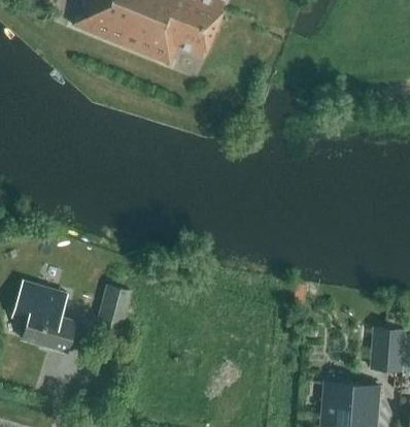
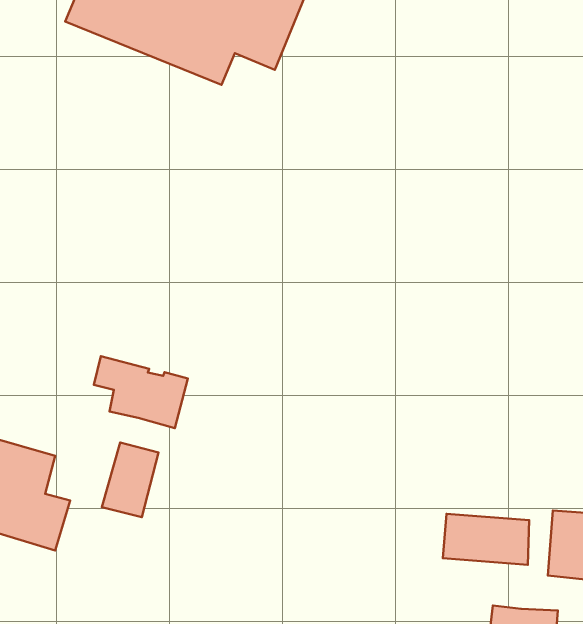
building: none -> [94,356,188,428]
building: none -> [443,514,529,565]

